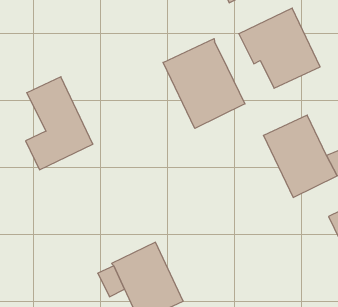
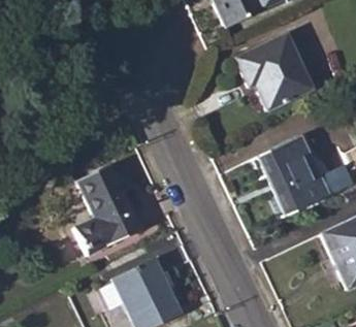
building: [163,39,245,128] -> none
building: [26,77,93,170] -> [76,165,141,255]

